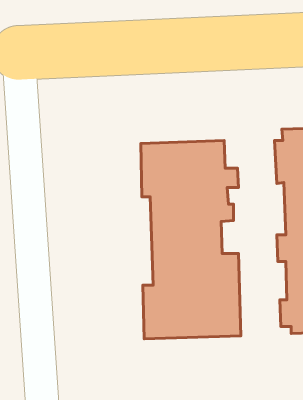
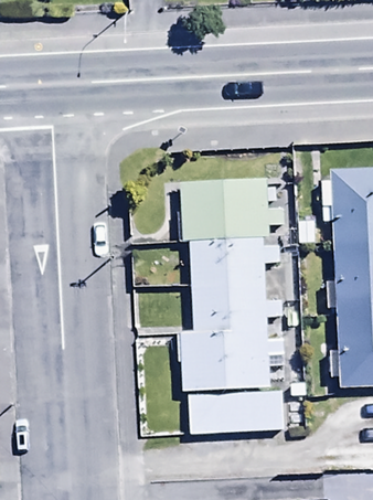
building: none -> [189,392,287,437]

